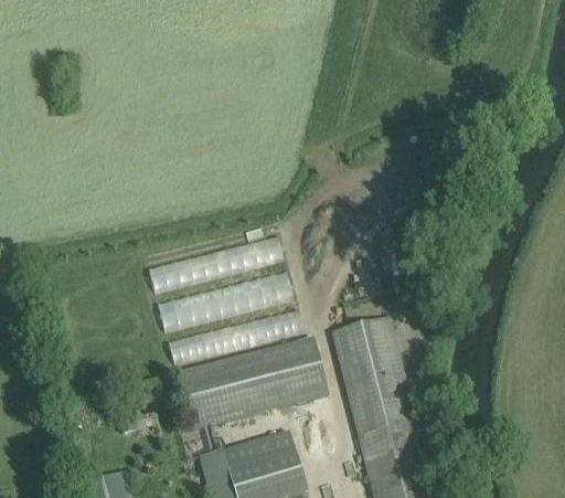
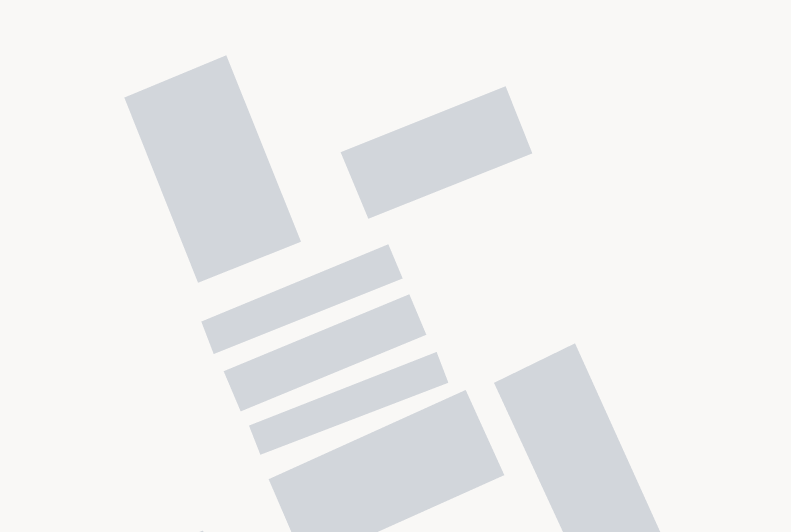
building: none -> [123,54,302,284]
building: none -> [339,85,533,220]

